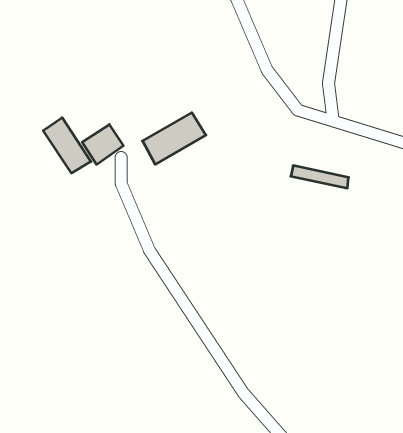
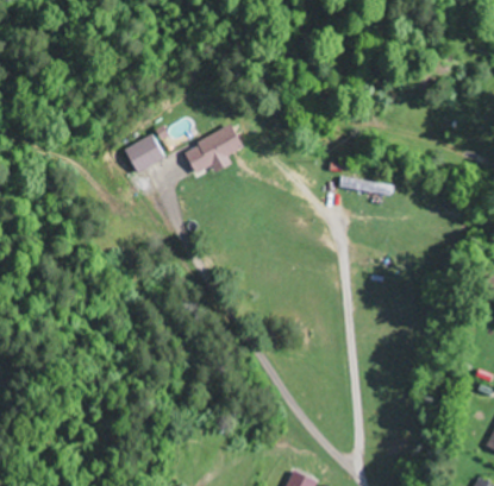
building: [43,118,91,173] -> none

